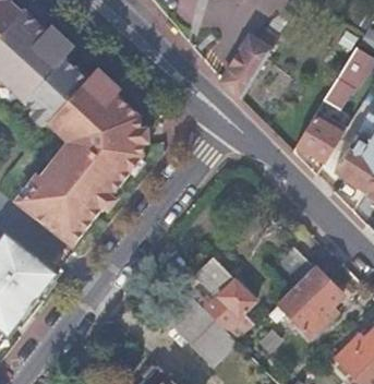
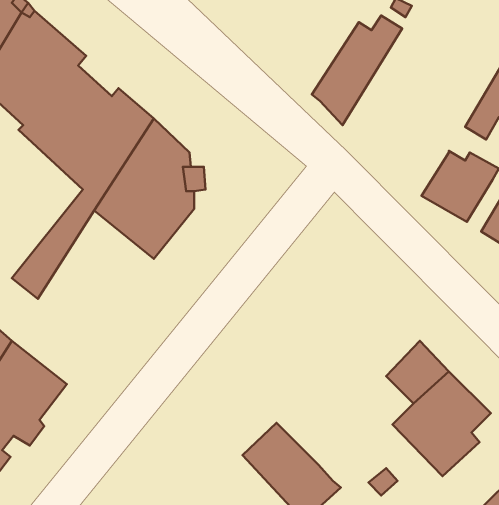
building: [36,156,114,244] -> none
building: [200,256,257,328] -> none

